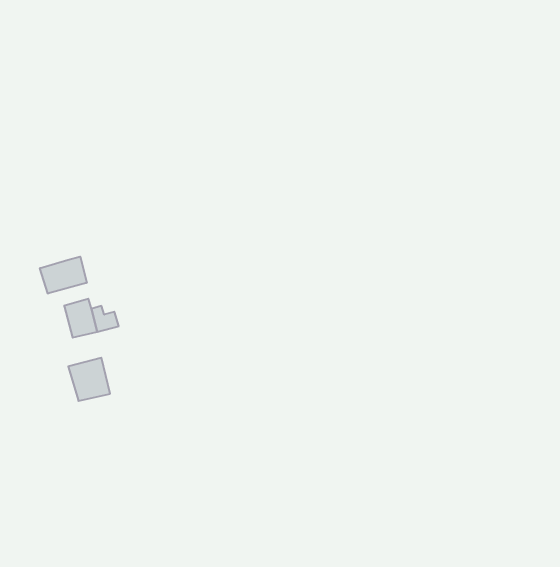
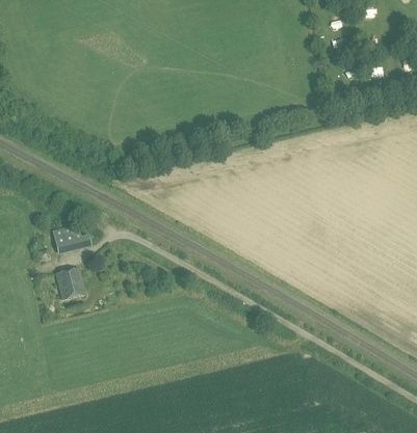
building: [40,257,87,294] -> none

